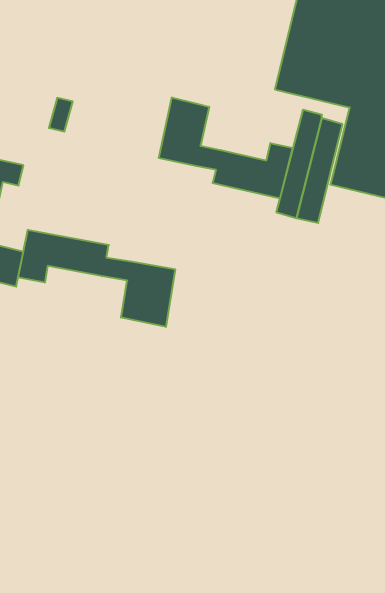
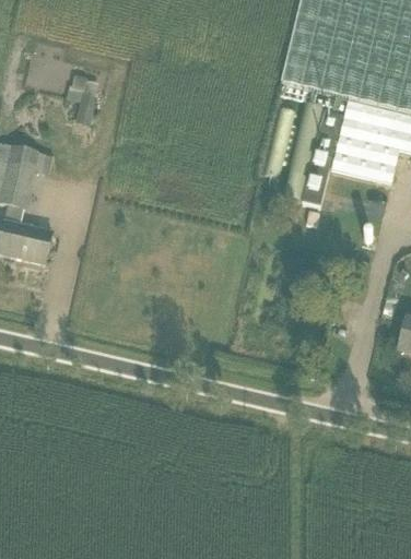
building: [159,97,292,198] -> none
building: [18,230,175,327] -> none

